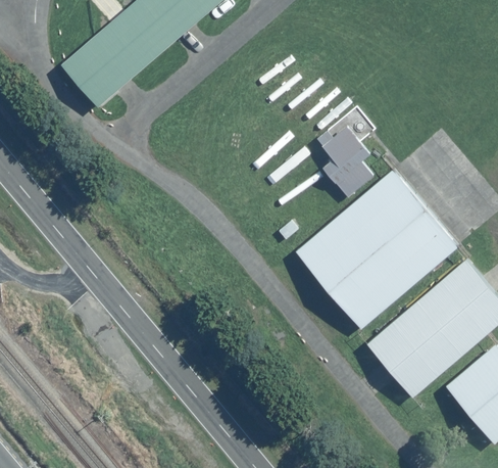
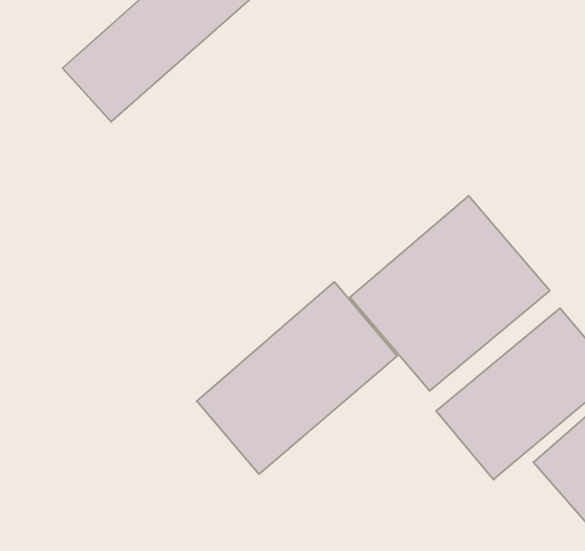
building: [315,128,372,199] -> none
building: none -> [197,282,397,474]

